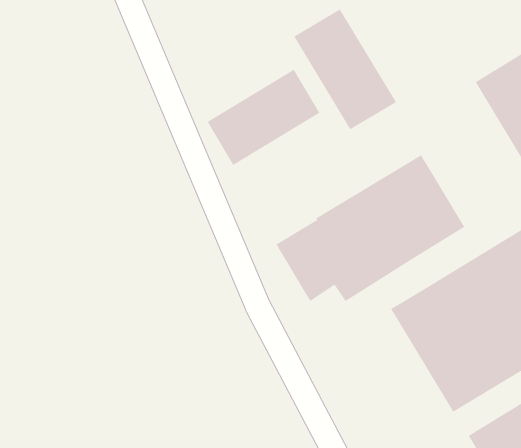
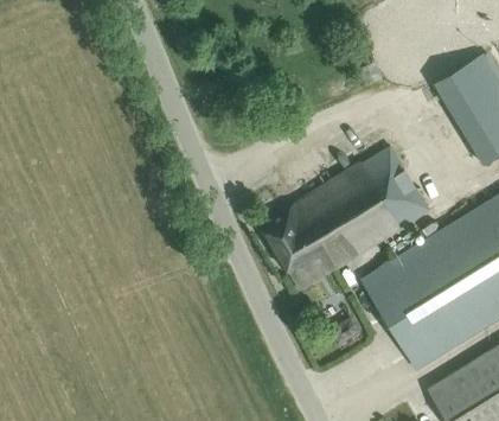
building: [293,8,397,130] -> none
building: [207,69,320,166] -> none

